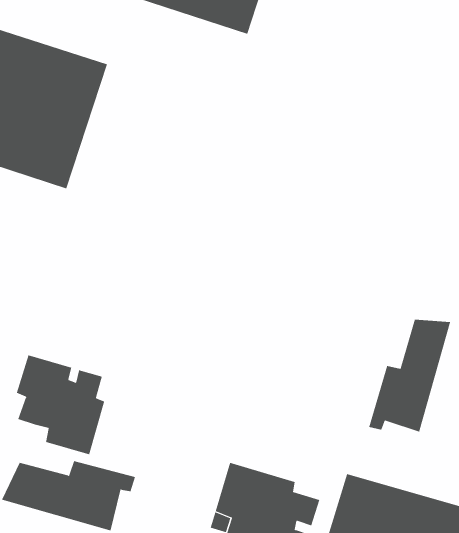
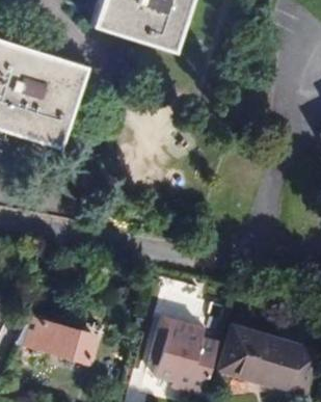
building: [368,319,451,433] -> none
building: [16,355,105,455] -> none

